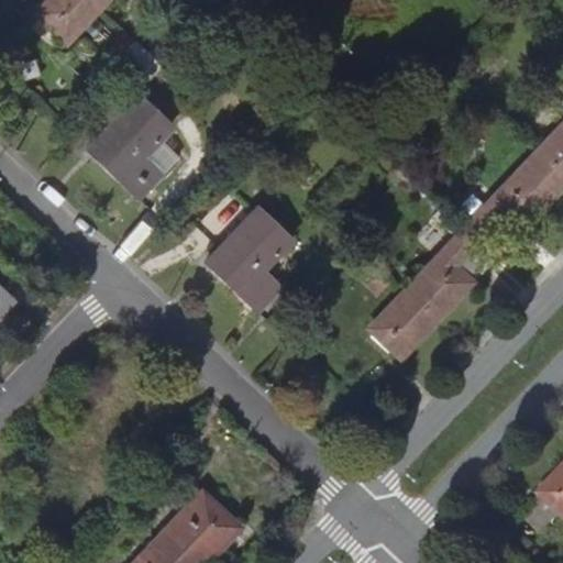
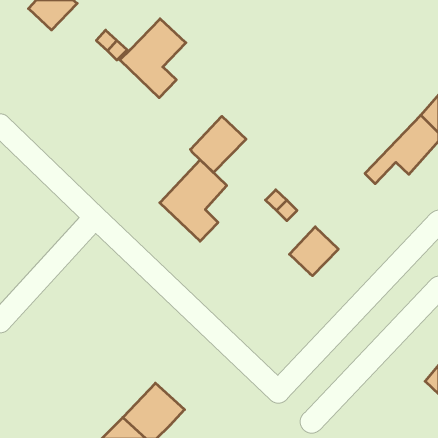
building: [88,95,173,196] -> [120,19,186,98]
building: none -> [190,116,246,173]
building: [405,223,482,320] -> none

